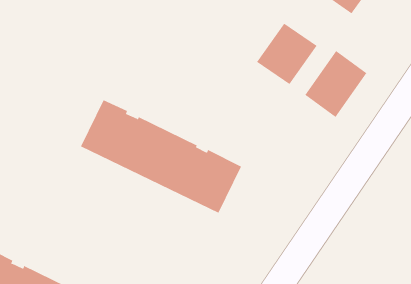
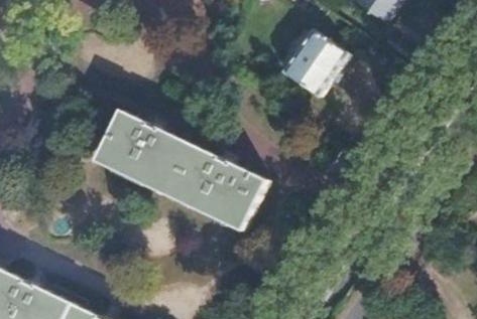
building: [305,50,367,118] -> none

